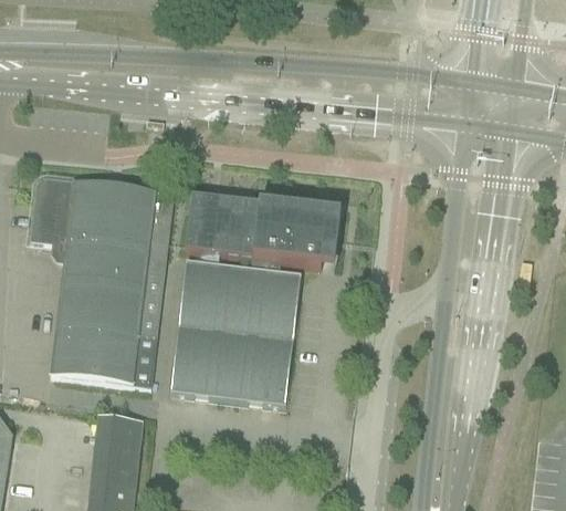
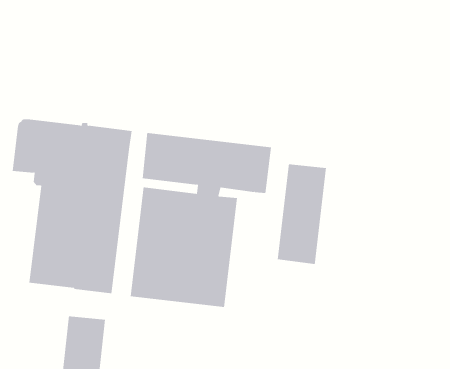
building: none -> [277,163,327,265]

